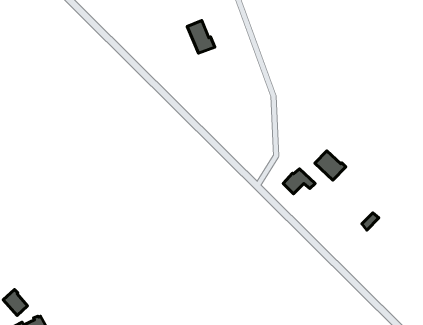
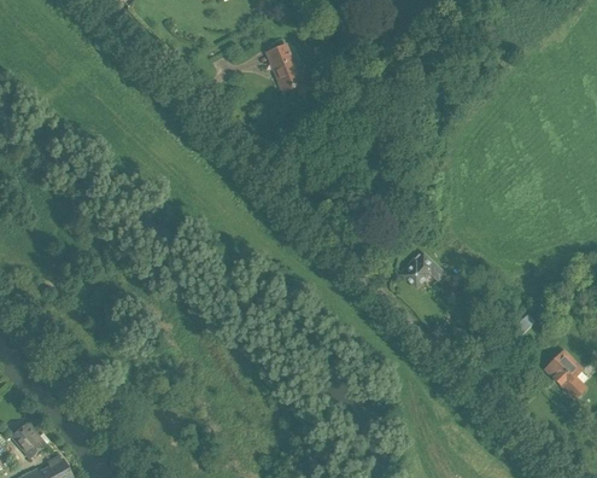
building: [315,151,346,180] -> none
building: none -> [544,350,585,398]

